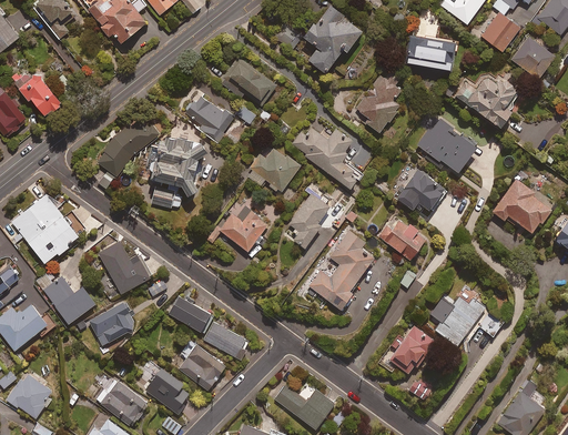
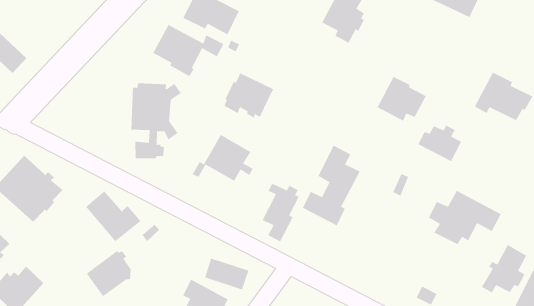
building: [97,115,159,190] -> none
building: [417,118,477,171] -> none
building: [293,123,362,189] -> none
building: [290,189,331,249] -> [262,183,300,242]
building: [379,220,424,259] -> [417,125,462,162]
building: [37,271,97,323] -> none
building: [169,296,214,333] -> none
building: [382,325,432,374] -> [481,244,527,294]

